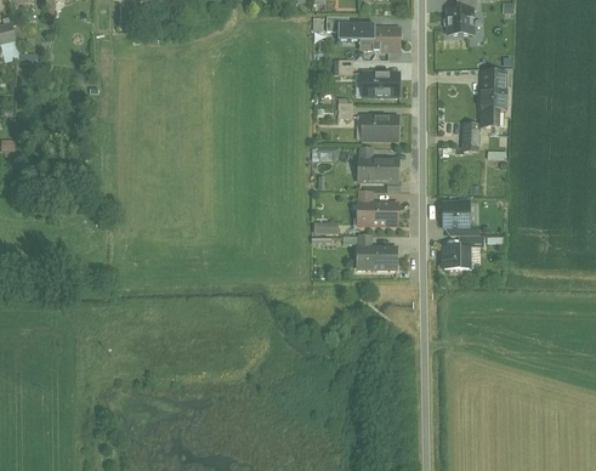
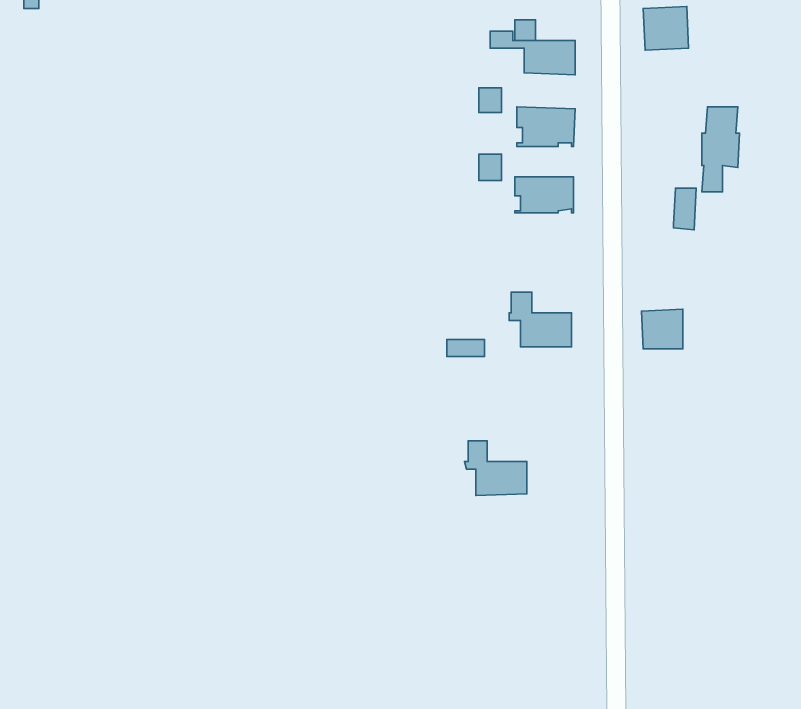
building: [357,146,397,181] -> none
building: [356,233,396,268] -> [464,441,527,496]
building: [443,244,469,268] -> none

